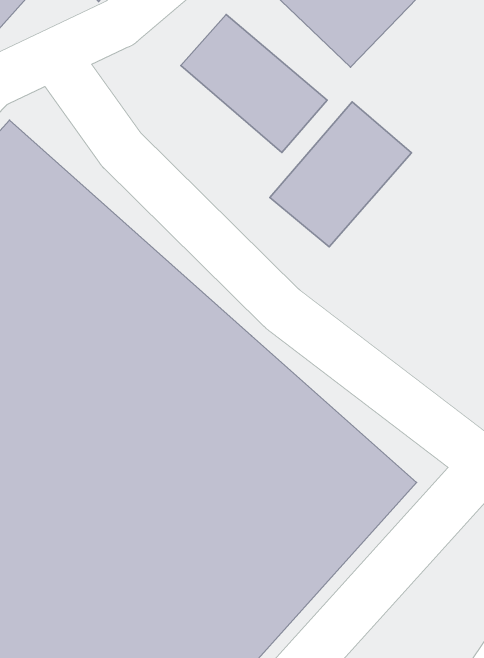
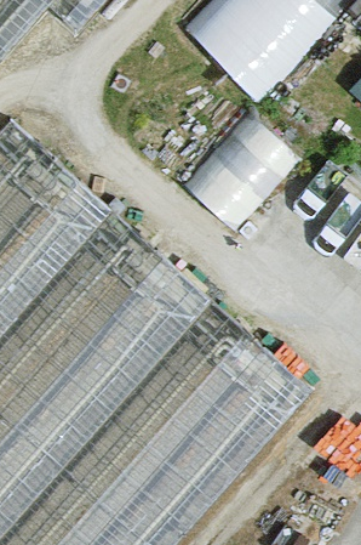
building: [181,15,327,153] -> none

